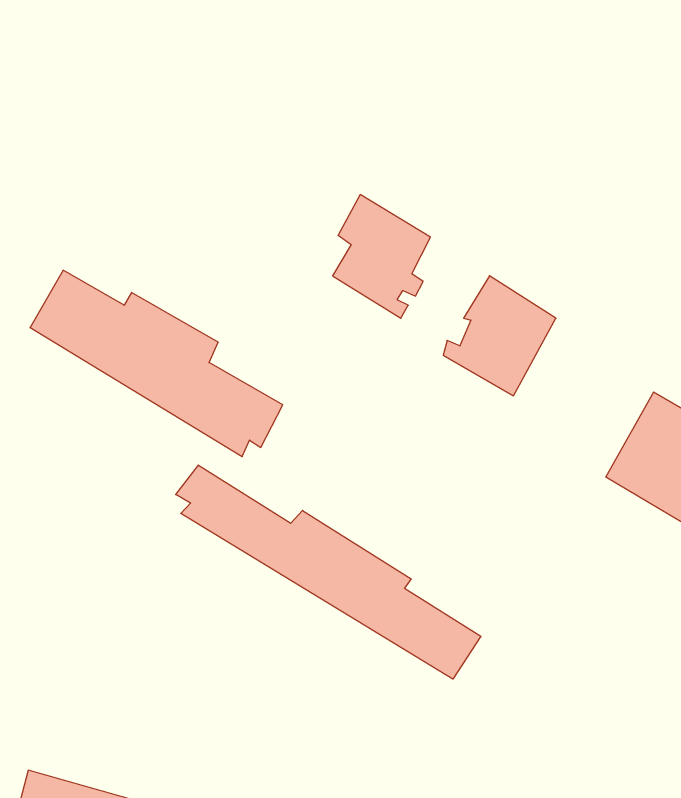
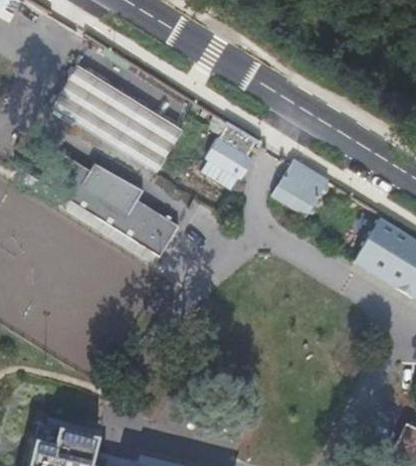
building: none -> [54,66,183,172]
building: [176,465,481,679] -> none

